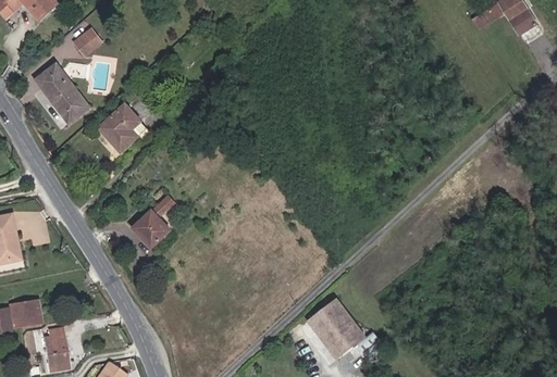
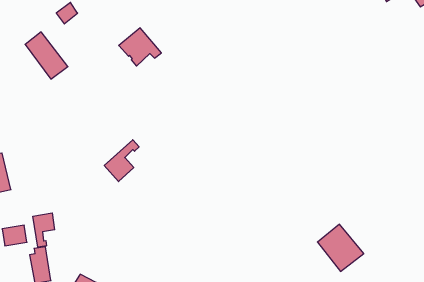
building: [98,105,150,152] -> [119,28,161,66]
building: none -> [33,213,55,247]
building: [310,302,367,360] -> [317,224,364,271]

